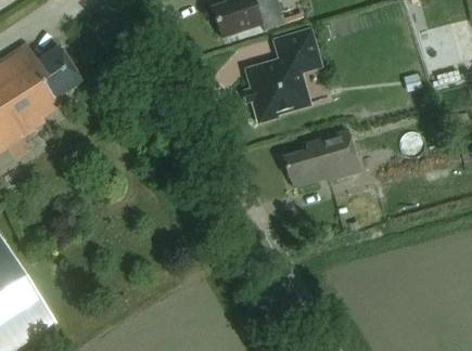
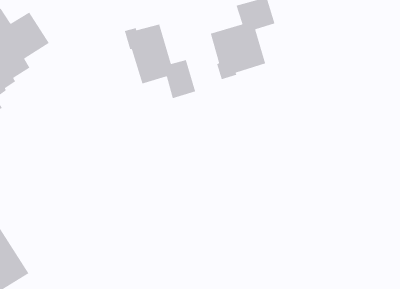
building: none -> [124,23,196,99]
building: [283,128,358,187] -> none

